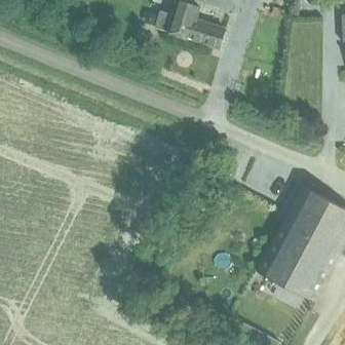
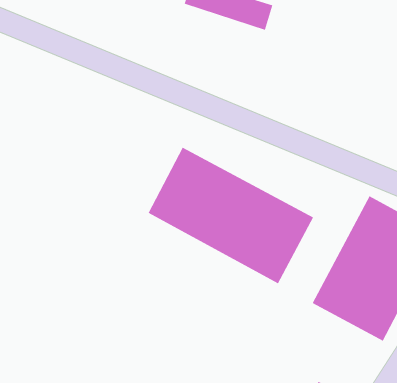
building: none -> [148,147,314,284]

